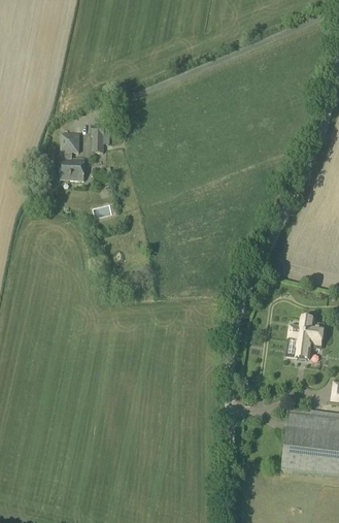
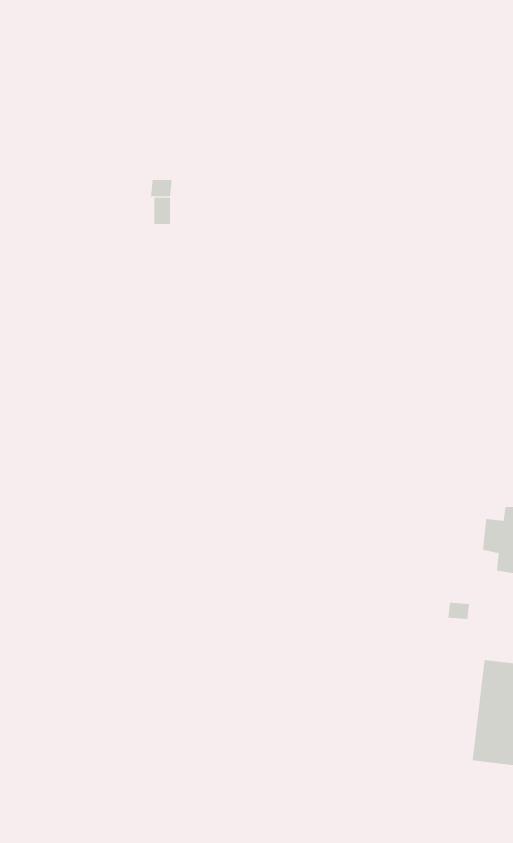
building: [60,133,83,178] -> none

